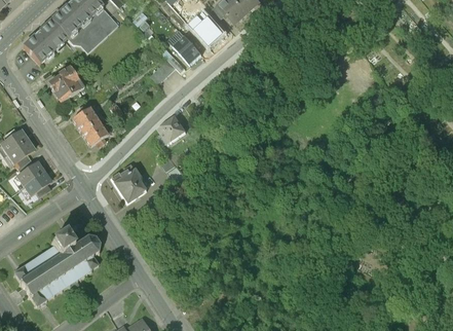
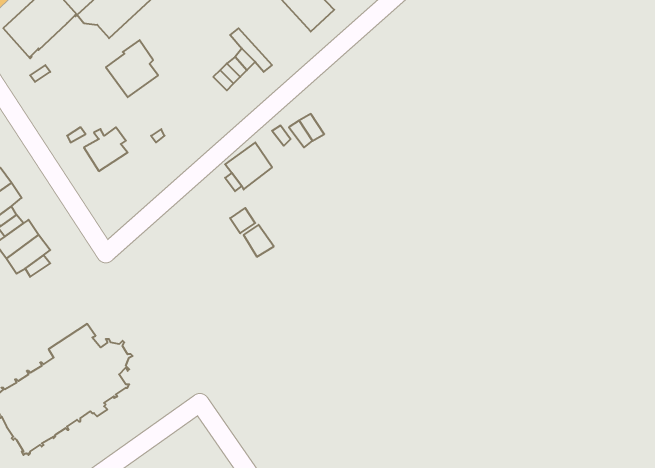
building: [174,35,201,64] -> none
building: [47,67,79,102] -> [106,40,158,97]
building: [80,121,109,146] -> none
building: [108,163,146,204] -> none

